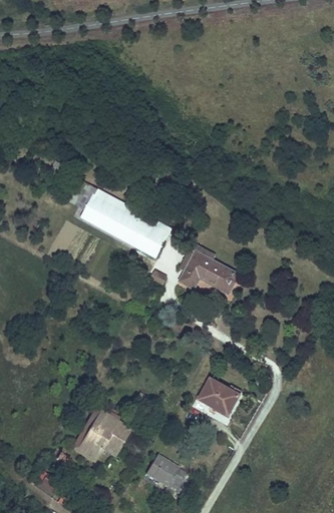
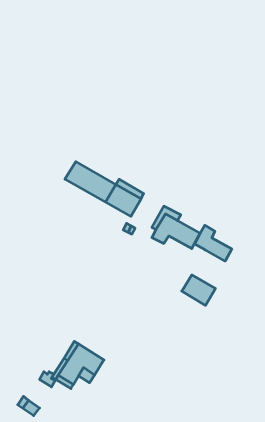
building: none -> [195,225,232,261]
building: [198,377,238,413] -> [182,275,215,305]
building: [145,453,194,495] -> none

